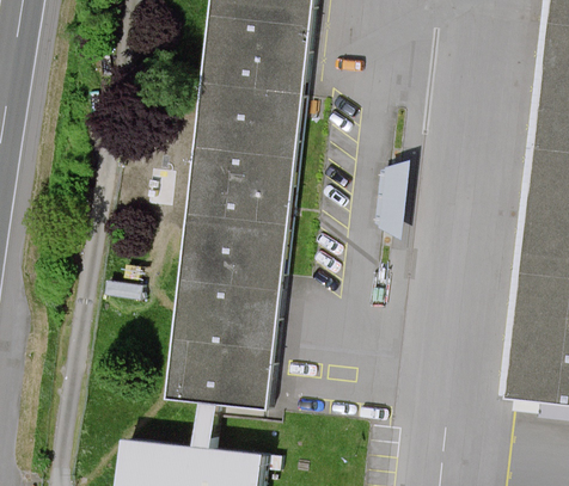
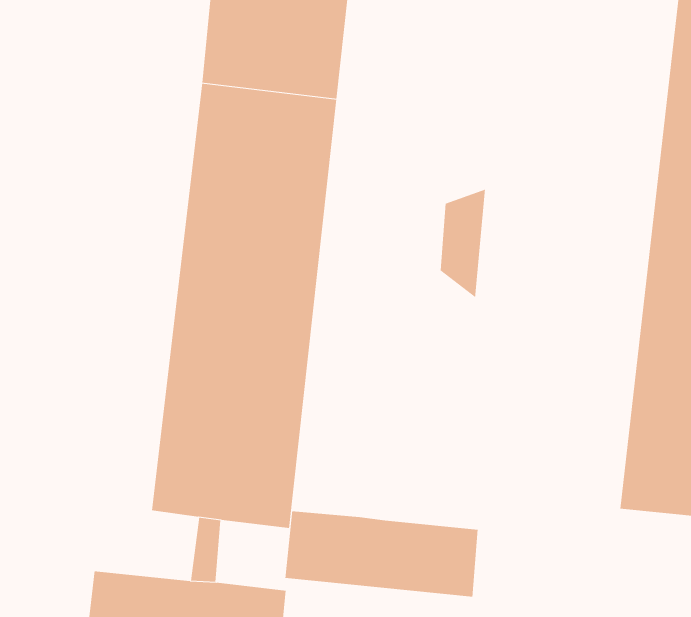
building: none -> [285,510,478,598]

